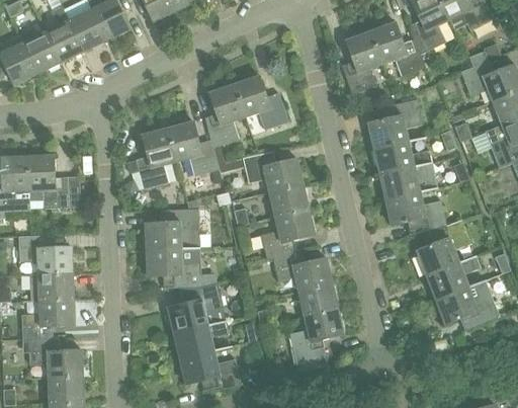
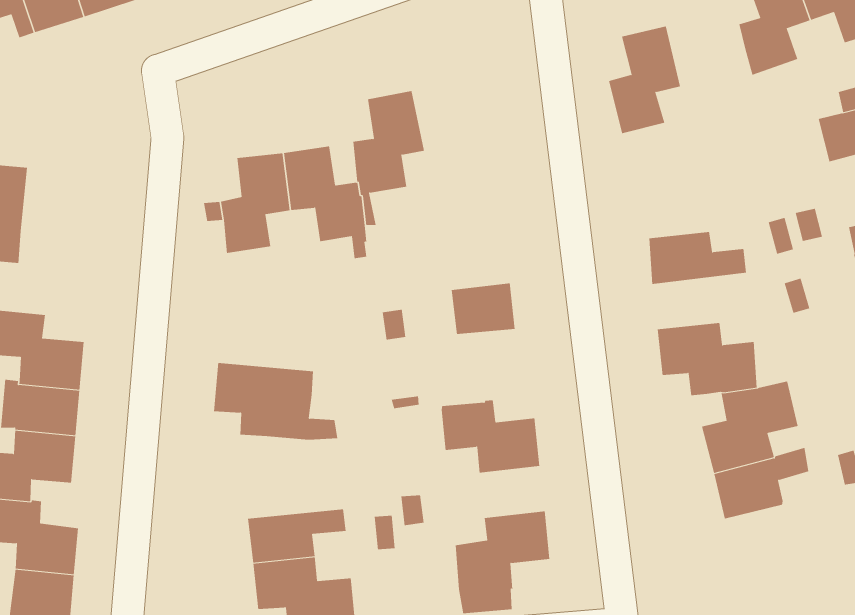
building: [369,22,425,76] -> none
building: [234,76,286,130] -> none
building: [367,99,423,150] -> none
building: [218,151,301,192] -> none
building: [27,154,80,208] -> none
building: [379,162,437,199] -> none
building: [145,208,199,249] -> none
building: [259,210,314,259] -> none
building: [436,279,499,329] -> none
building: [166,282,226,333] -> none
building: [297,283,337,316] -> none

